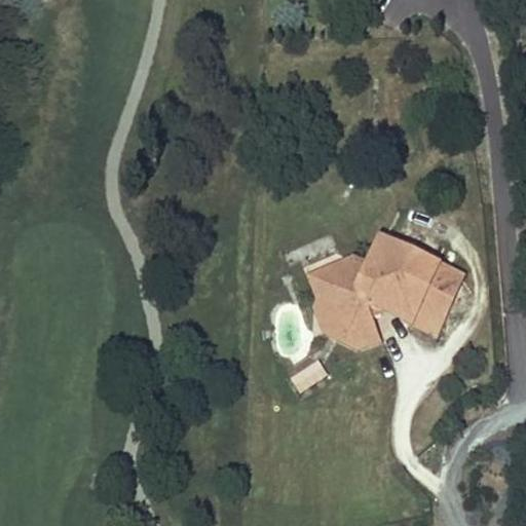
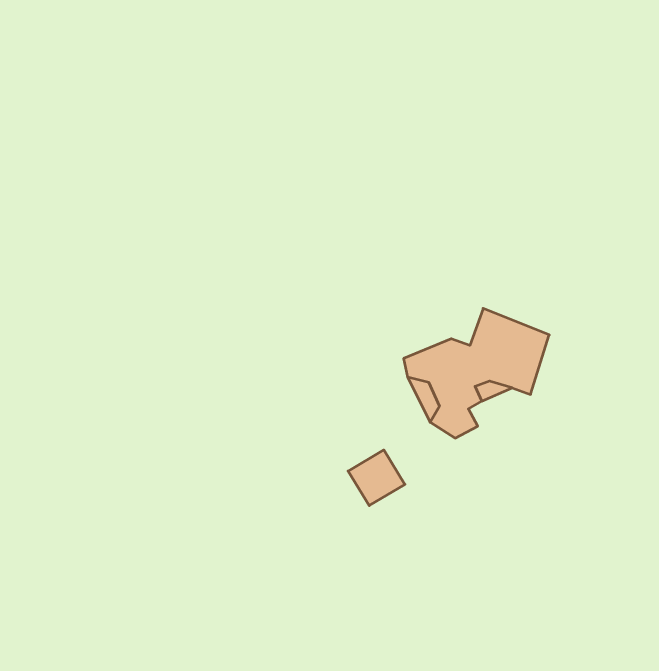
building: [409,260,458,327] -> none

